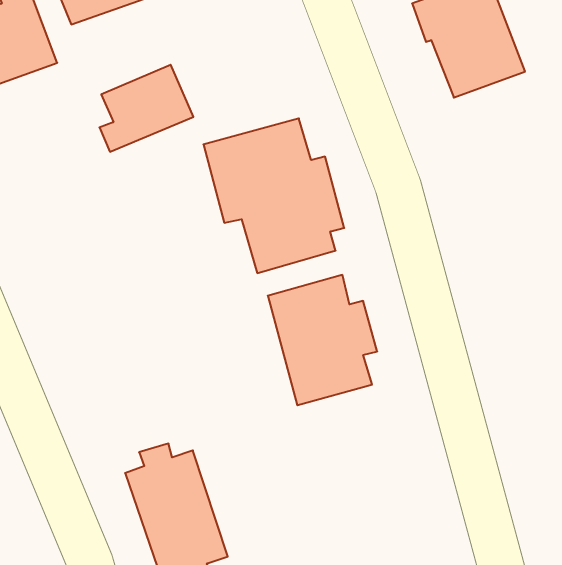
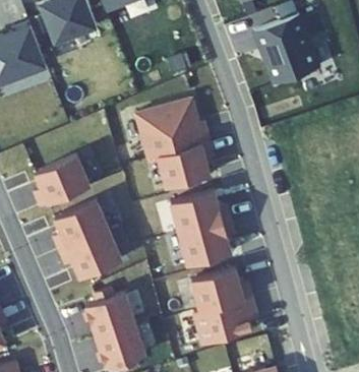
building: [99,65,193,152] -> [35,156,89,206]
building: none -> [54,200,122,278]
building: none -> [191,268,256,346]

